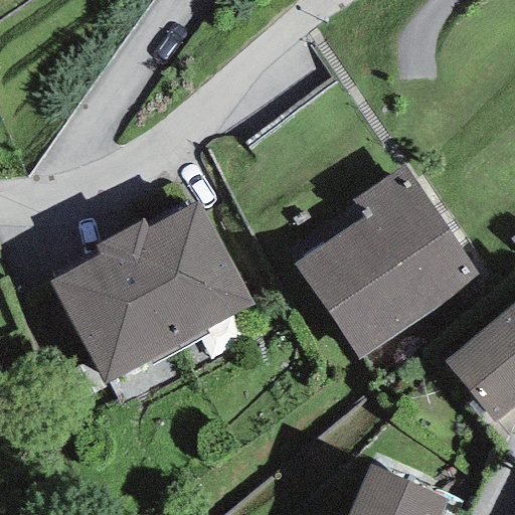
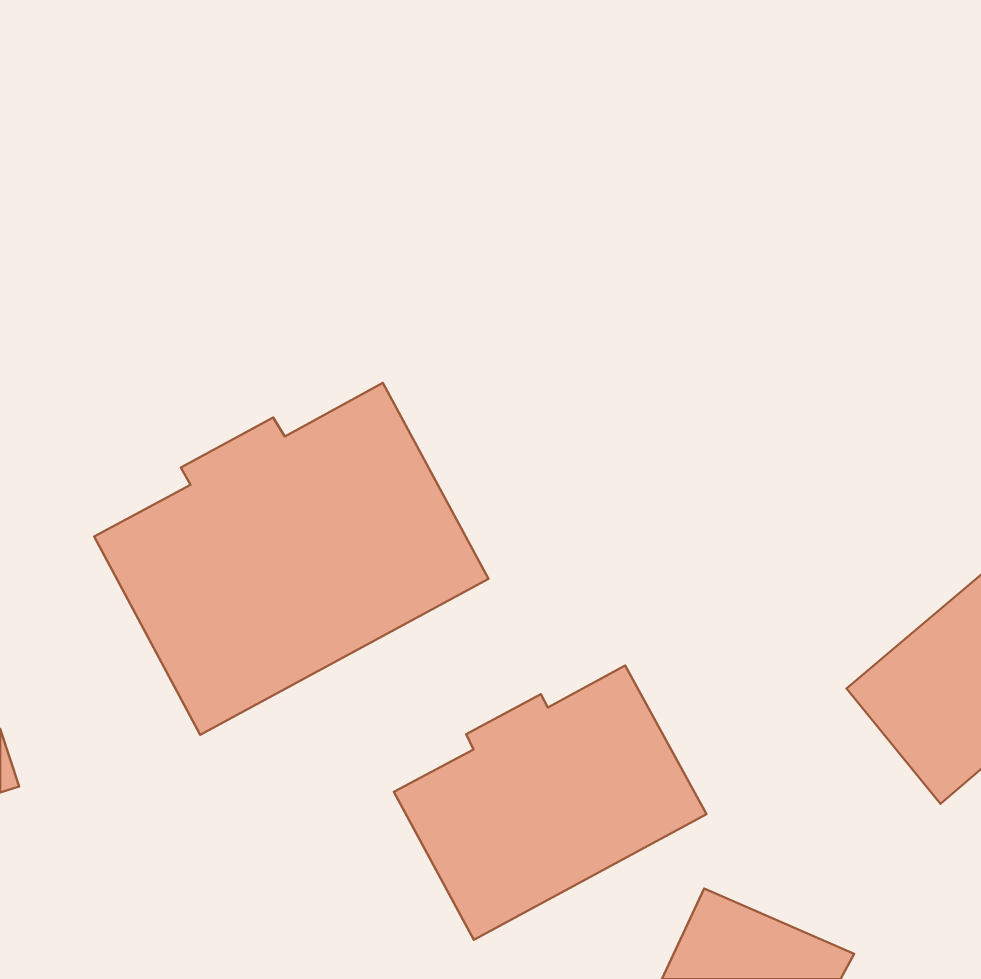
building: [294,165,482,361] -> none
building: none -> [394,666,706,940]

